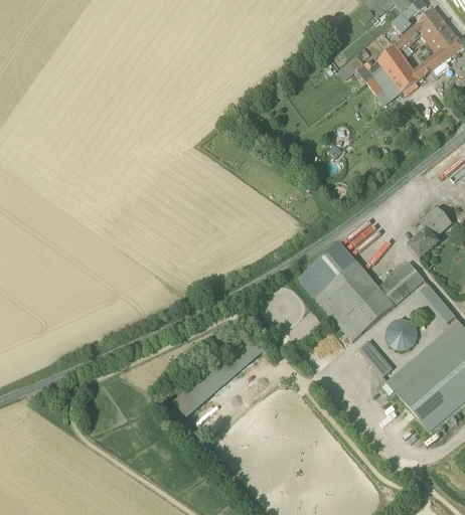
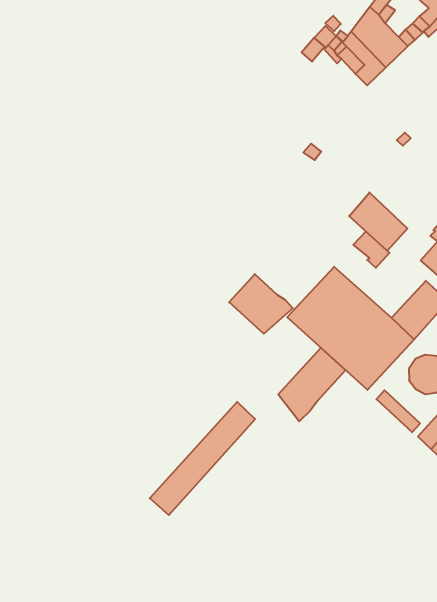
building: none -> [349,192,407,251]
building: none -> [229,274,293,334]
building: none -> [278,348,346,421]

